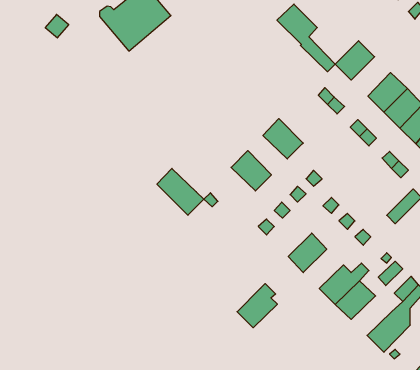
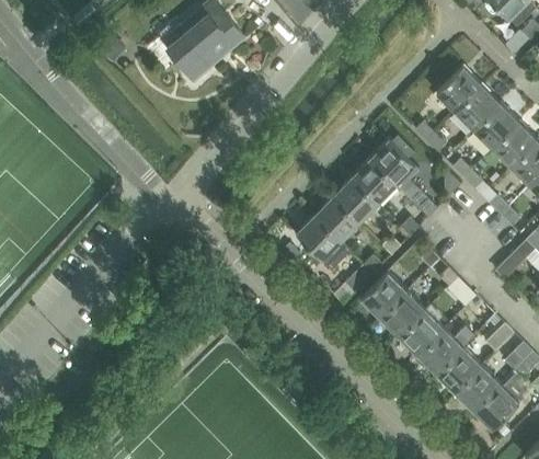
building: [277,4,335,72] -> [369,139,437,218]
building: none -> [454,85,500,131]
building: none -> [333,177,379,223]
building: [157,168,204,215] -> [296,215,351,269]
building: none -> [360,272,408,319]
building: [237,284,277,328] -> [398,305,445,356]
building: none -> [454,365,501,411]

